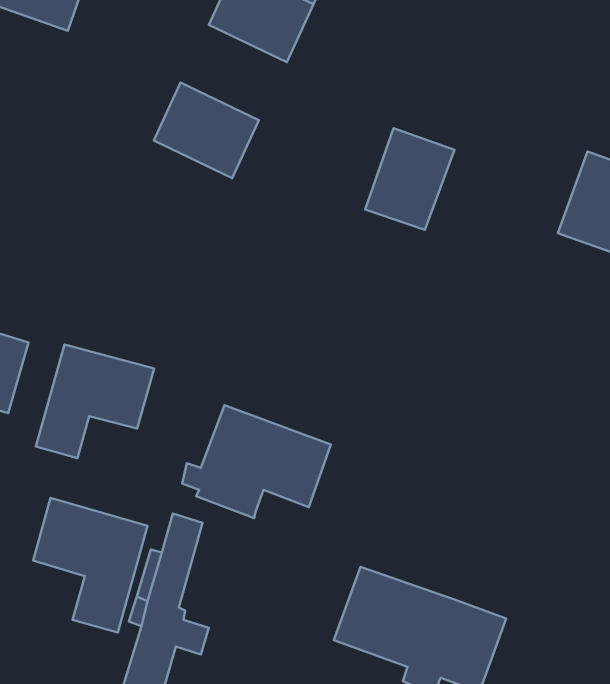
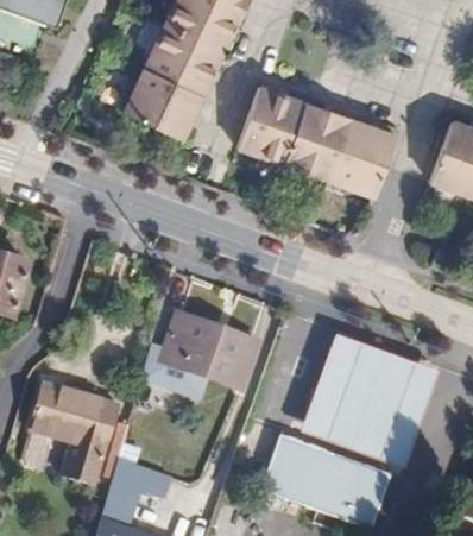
building: none -> [143,23,223,95]
building: none -> [237,84,304,163]
building: none -> [328,118,396,195]
building: [36,344,154,458] -> none
building: none -> [299,334,437,468]

